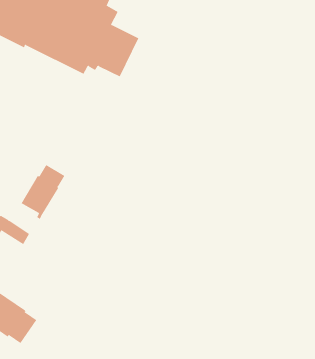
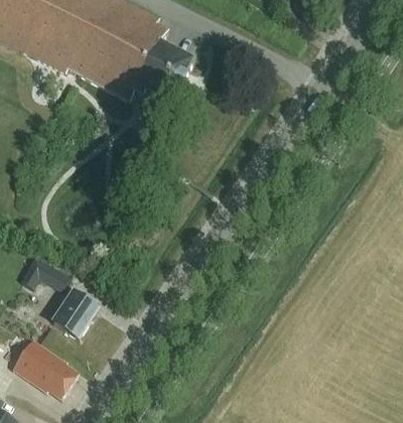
building: [21,164,65,220] -> none
building: none -> [51,291,97,338]

